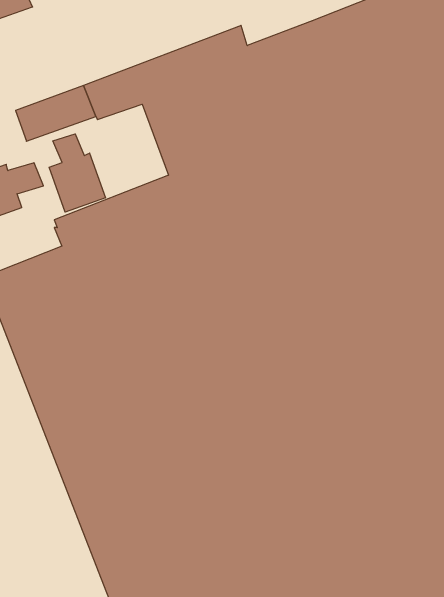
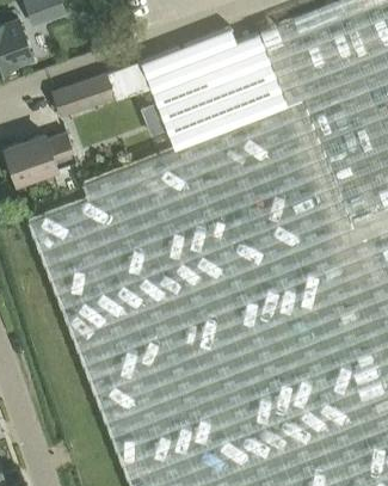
building: [49,134,105,212] -> none

